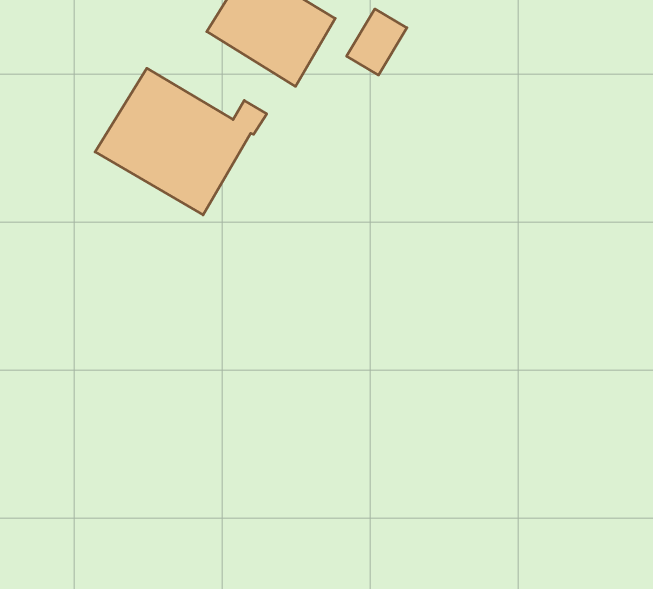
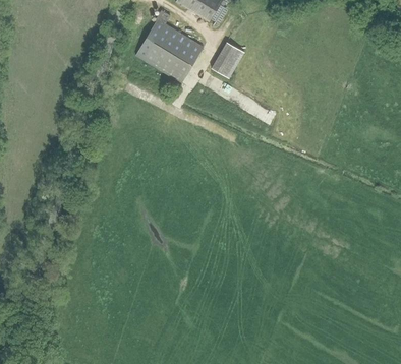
building: [95,68,267,215] -> none

